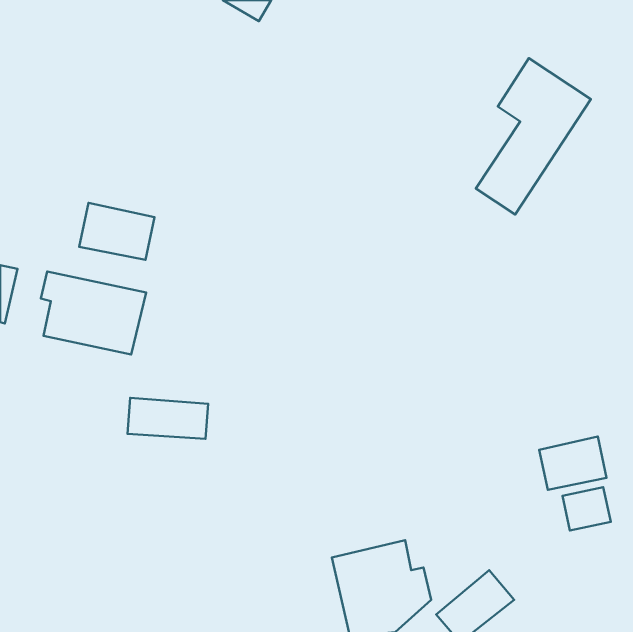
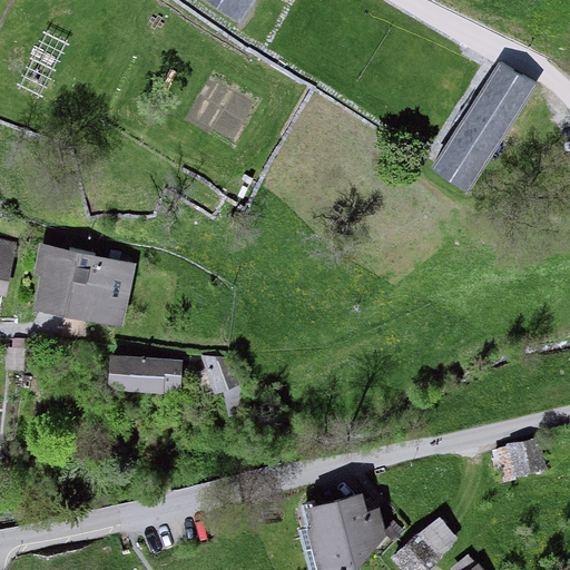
building: [79,203,155,260] -> none
building: [539,436,606,490] -> none

